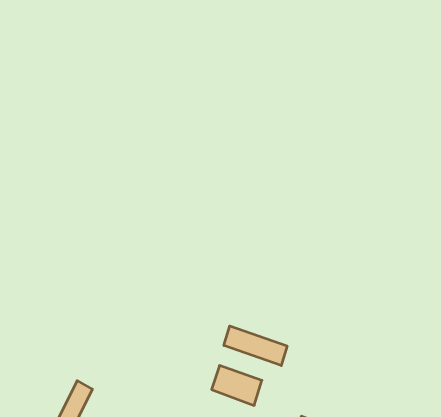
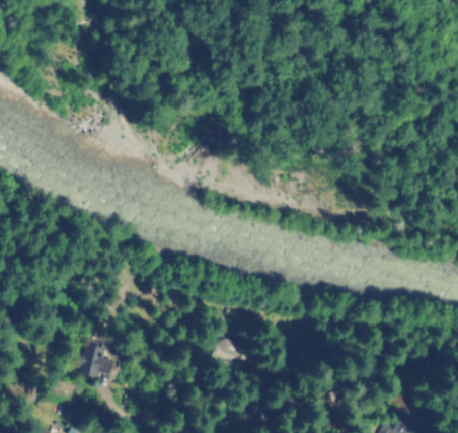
building: [224,326,287,366] -> none

